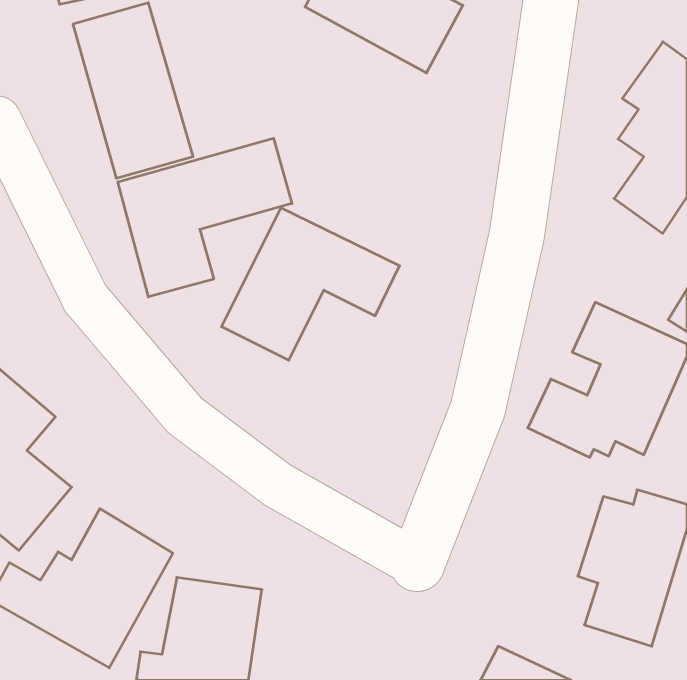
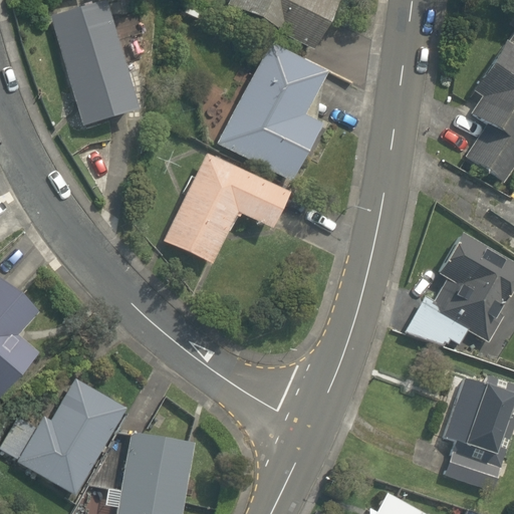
building: none -> [221,44,337,183]
building: [118,138,292,297] -> none

